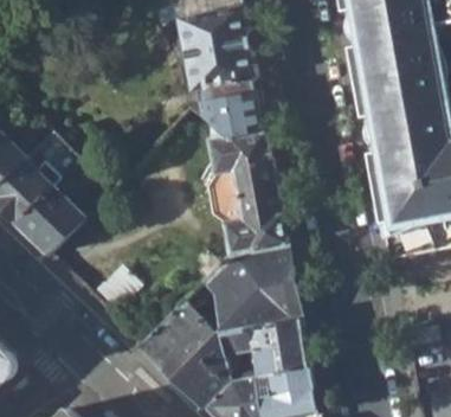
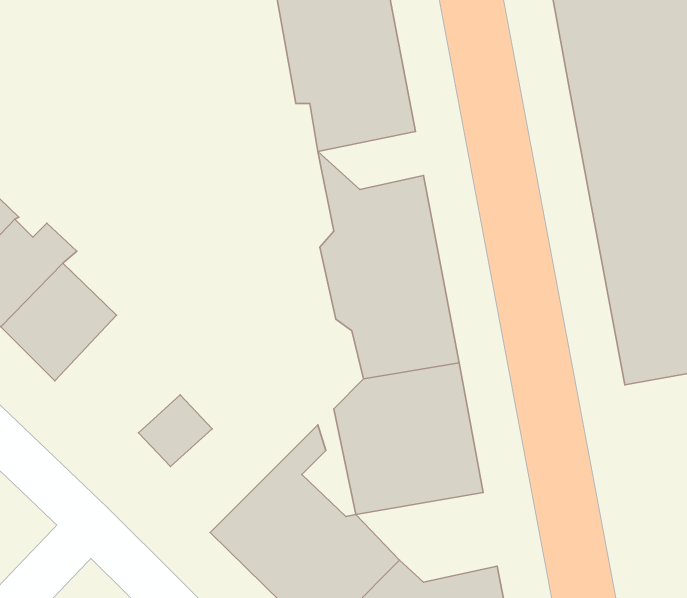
building: [202,107,265,141] -> none
building: [225,321,309,374] -> none

